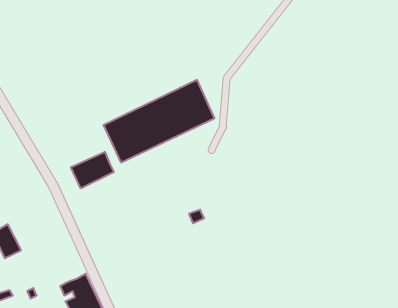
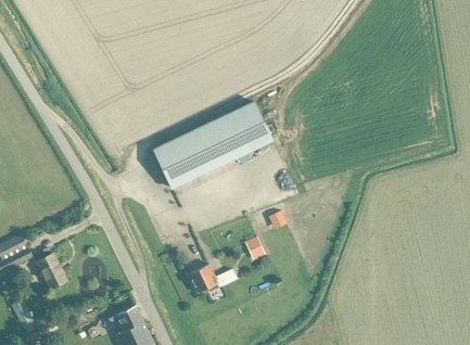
building: [71,152,114,188] -> none
building: none -> [188,264,237,293]

